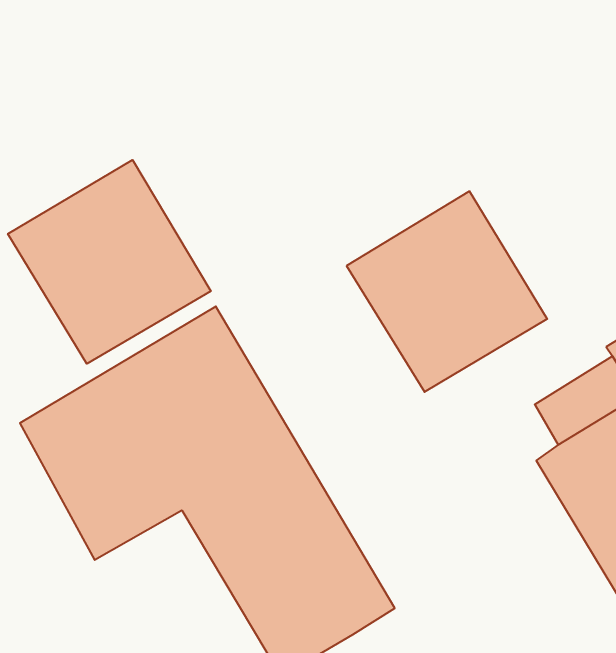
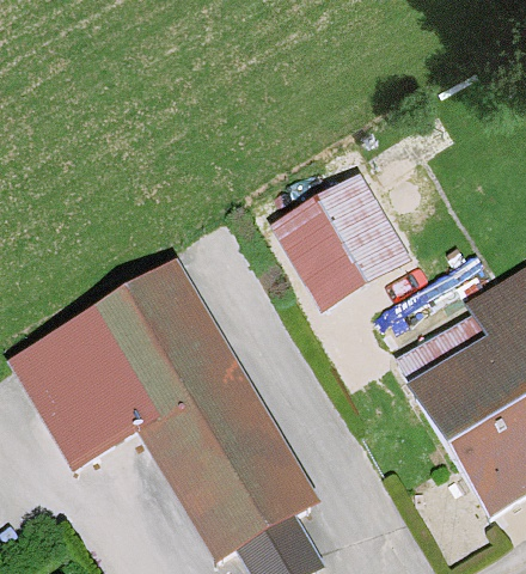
building: [8,160,211,364] -> none

